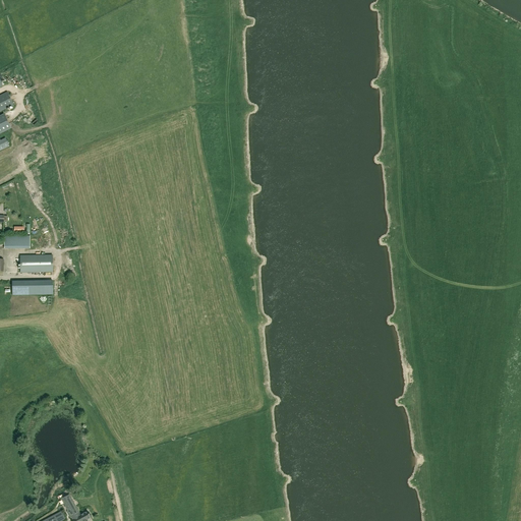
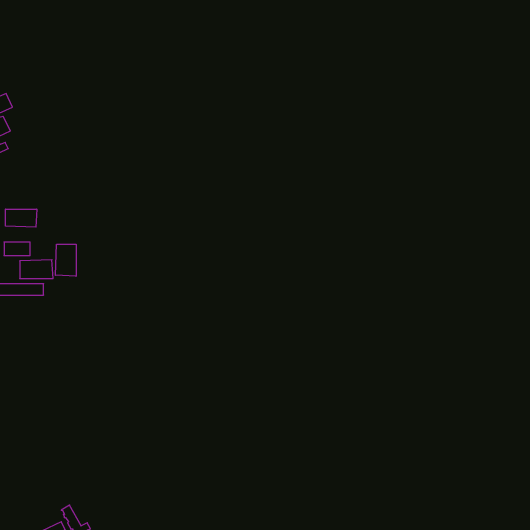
building: none -> [6,209,37,227]
building: none -> [55,244,76,276]

